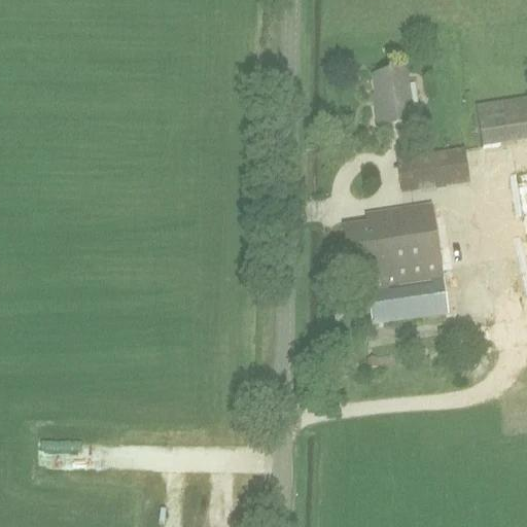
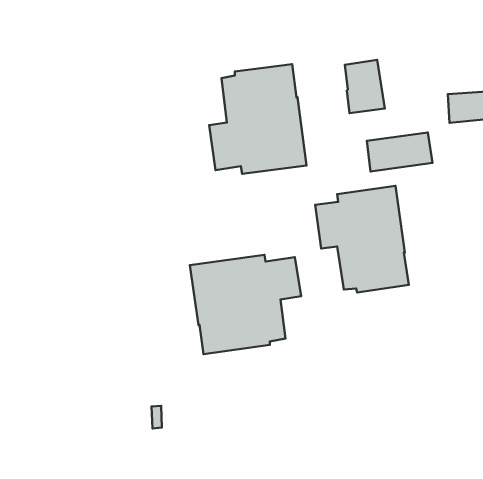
building: none -> [209,64,307,174]
building: none -> [190,255,301,354]

